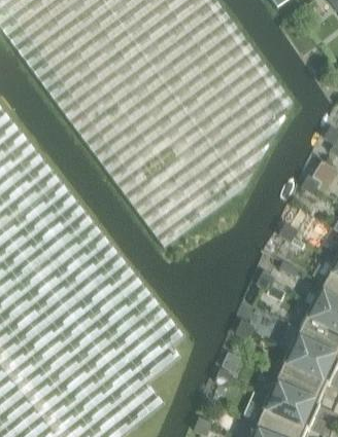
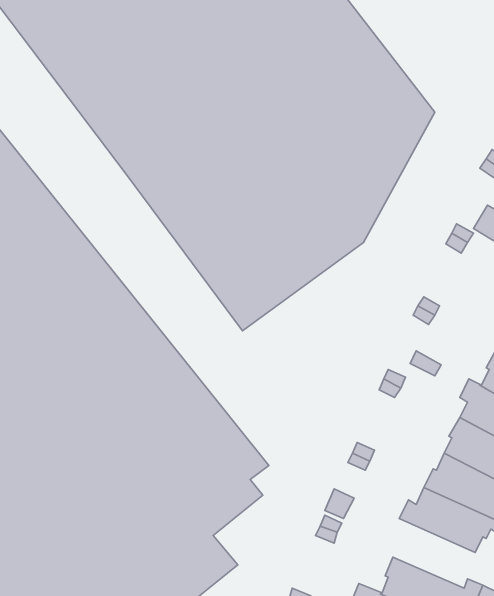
building: [266,372,322,418] -> none

